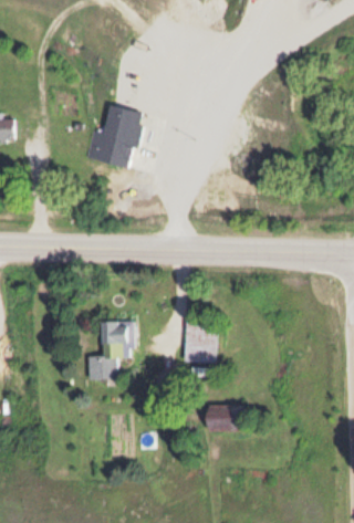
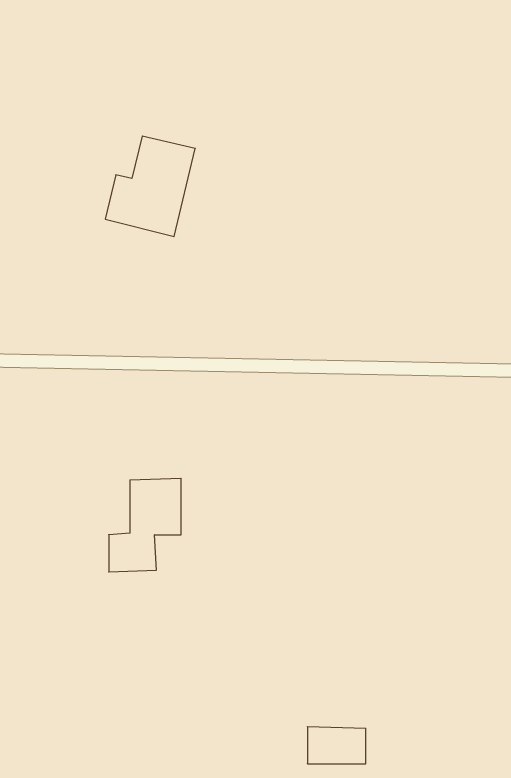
building: [183,320,217,363] -> none
building: [206,405,242,428] -> [307,727,366,764]

